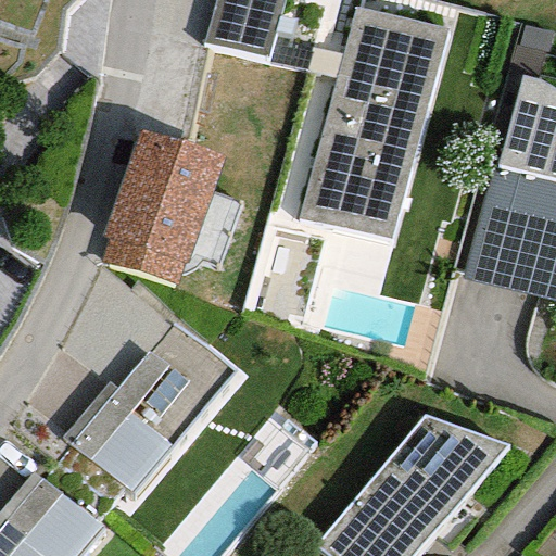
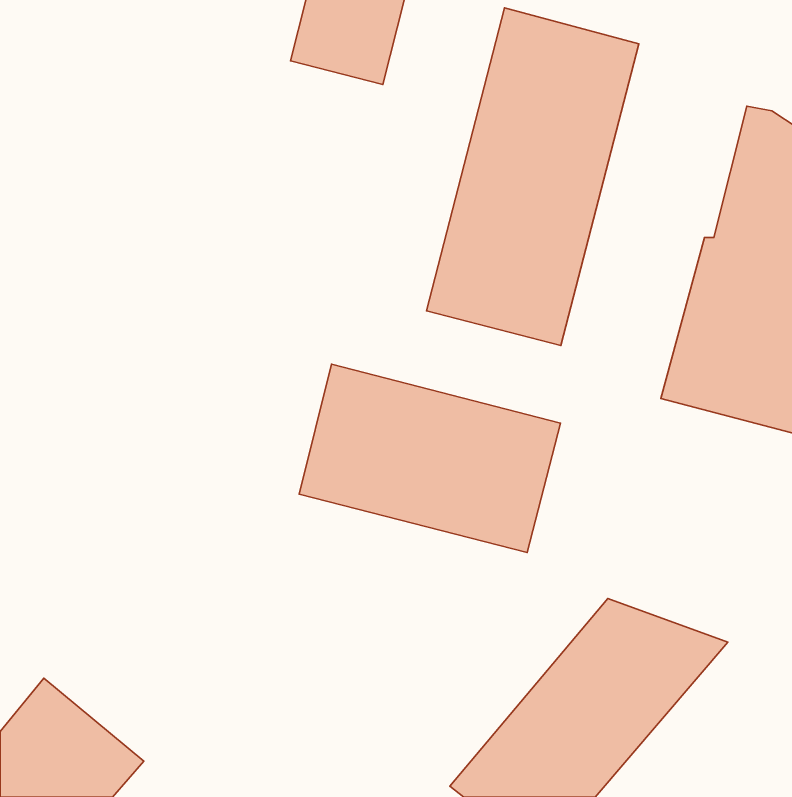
building: [103,128,225,285] -> none
building: none -> [299,364,561,553]
building: [64,326,233,494] -> none

